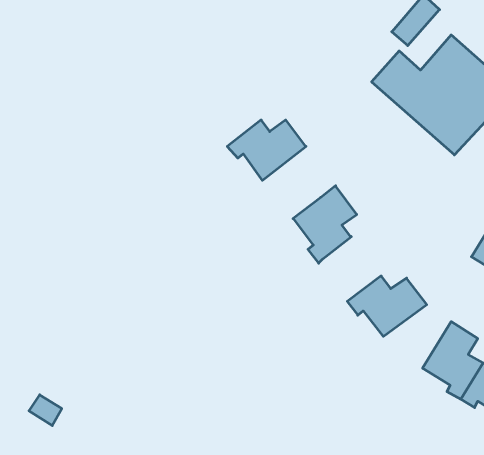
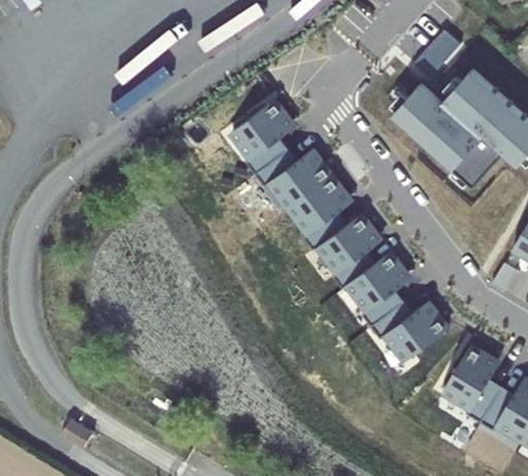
building: none -> [233,104,293,176]
building: none -> [288,176,351,250]
building: none -> [346,252,408,327]

